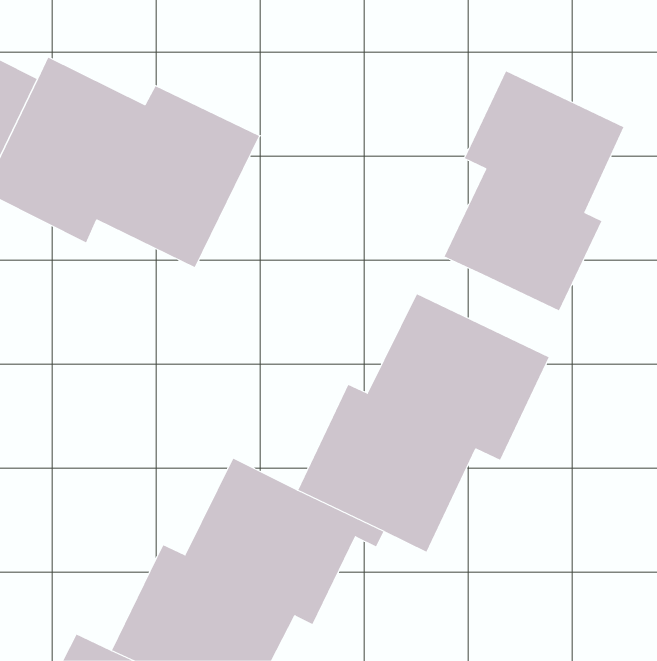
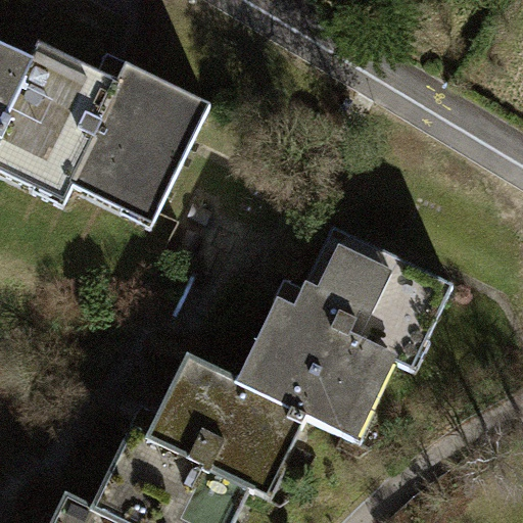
building: [444,70,624,311] -> none

